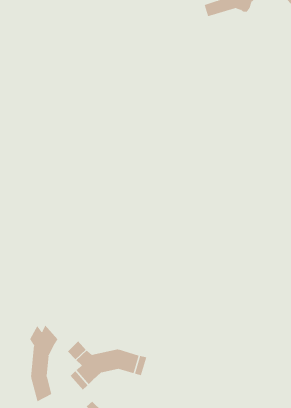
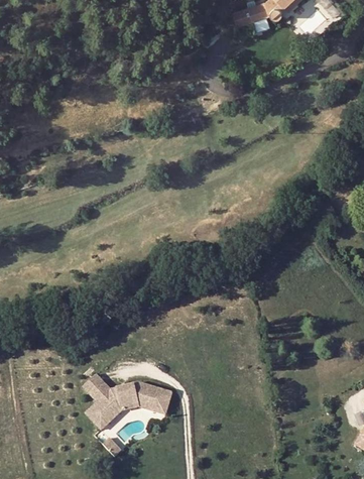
building: [29,324,58,402] -> none

